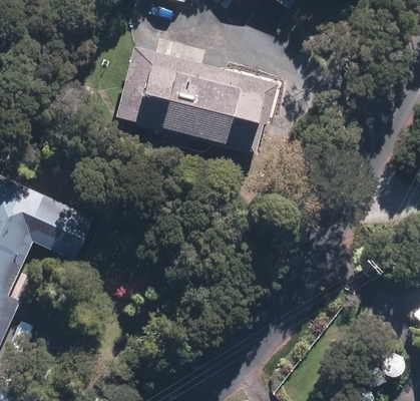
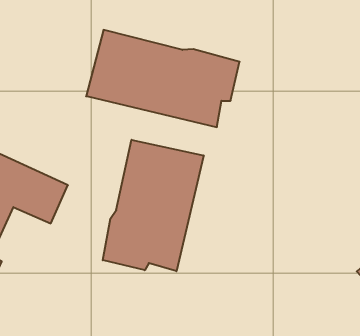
building: none -> [103,140,204,271]

